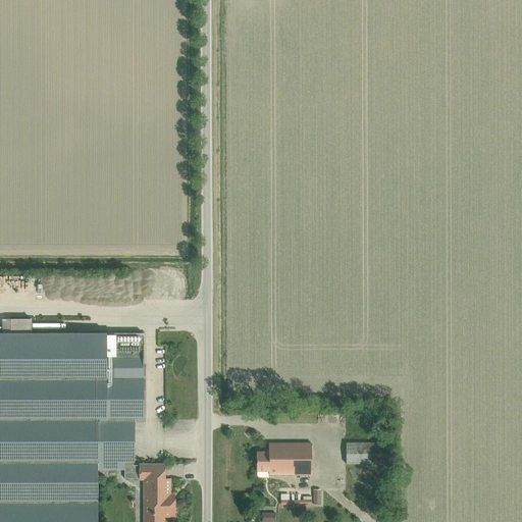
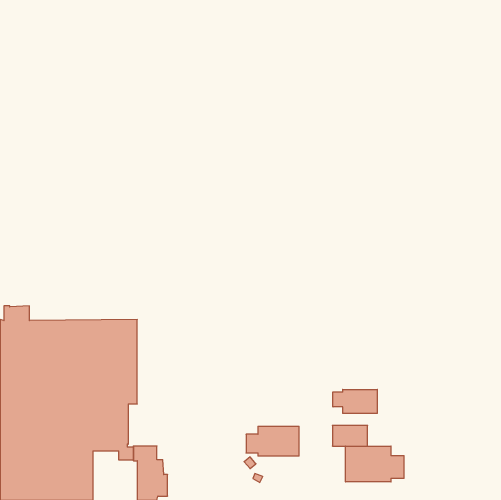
building: none -> [333,389,377,413]
building: none -> [346,446,404,482]

